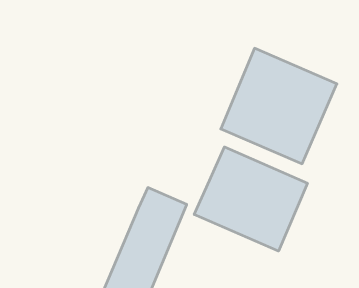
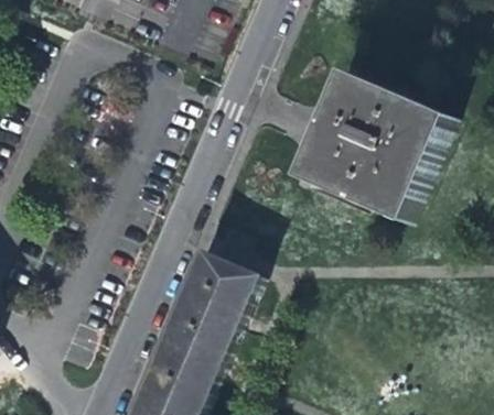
building: [194,147,307,251] -> none

